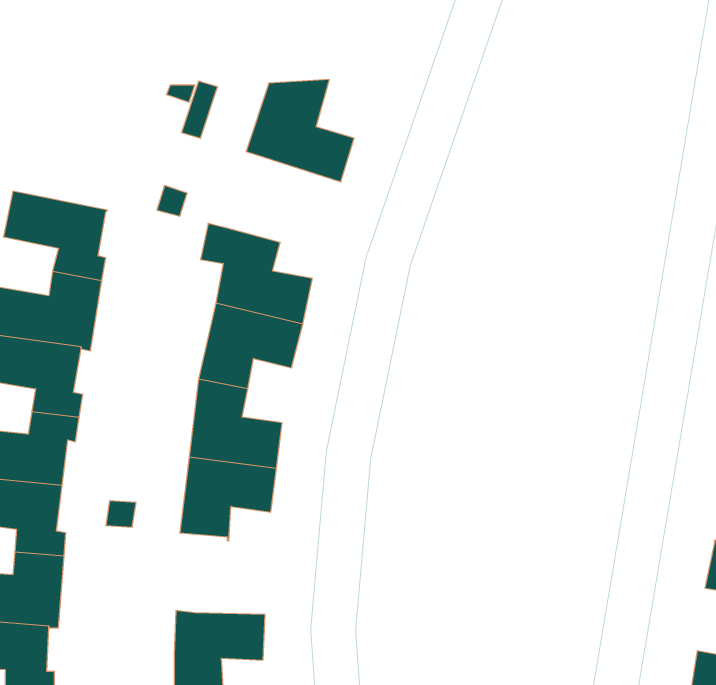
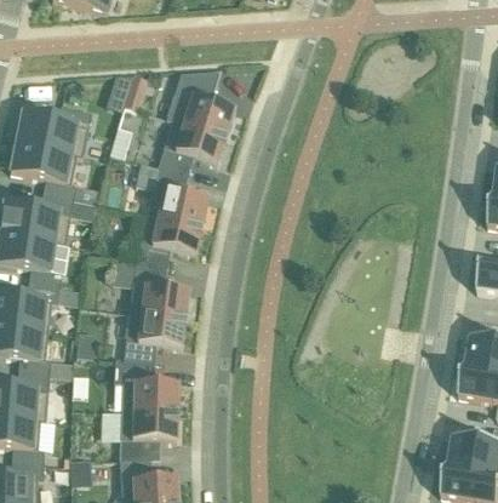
building: none -> [17,105,92,156]
building: none -> [156,116,227,175]
building: none -> [114,360,178,412]

